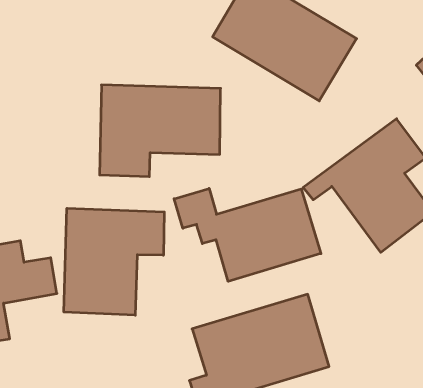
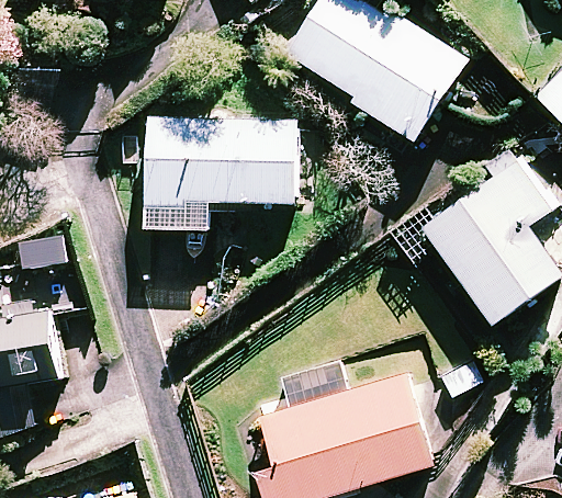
building: [174,188,321,281] -> none
building: [64,208,164,315] -> none

